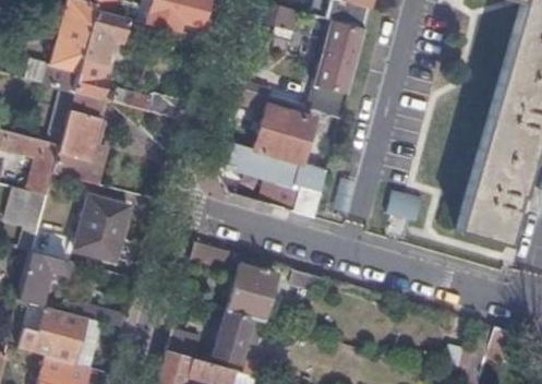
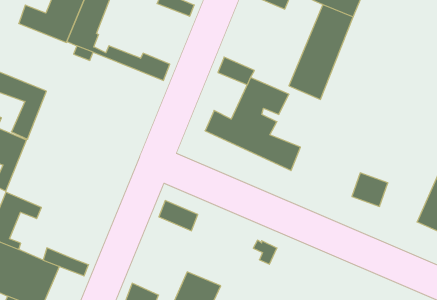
building: [52,111,100,179] -> none
building: [74,197,129,262] -> none
building: [227,264,277,321] -> none

